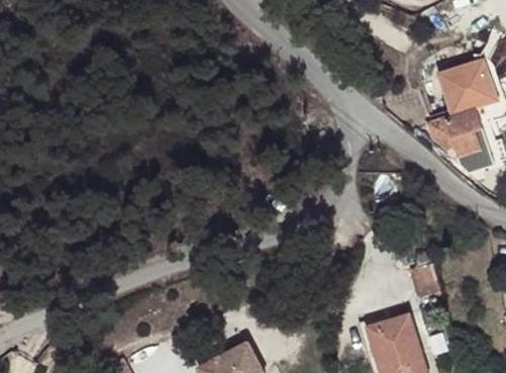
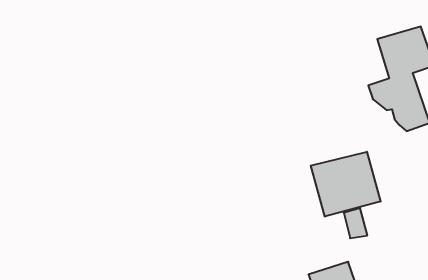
building: none -> [311,152,381,217]

